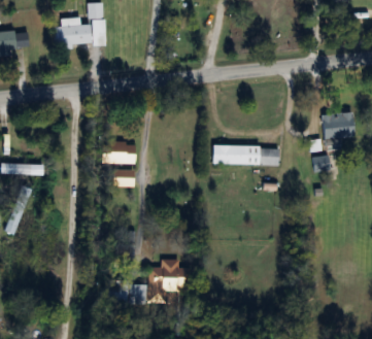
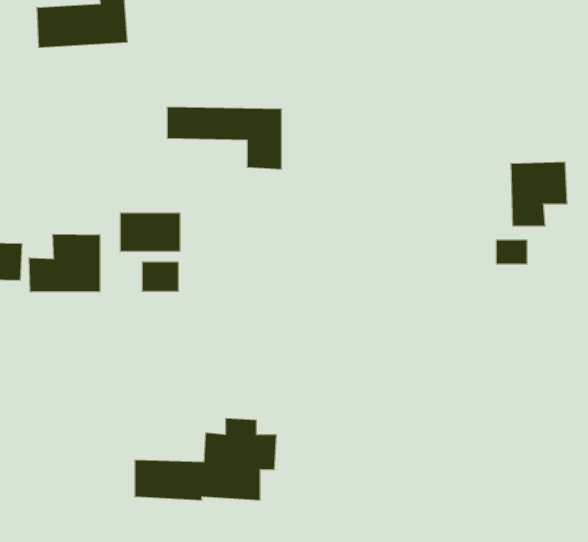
building: [213,145,278,180] -> [167,107,282,169]
building: none -> [29,234,100,292]

